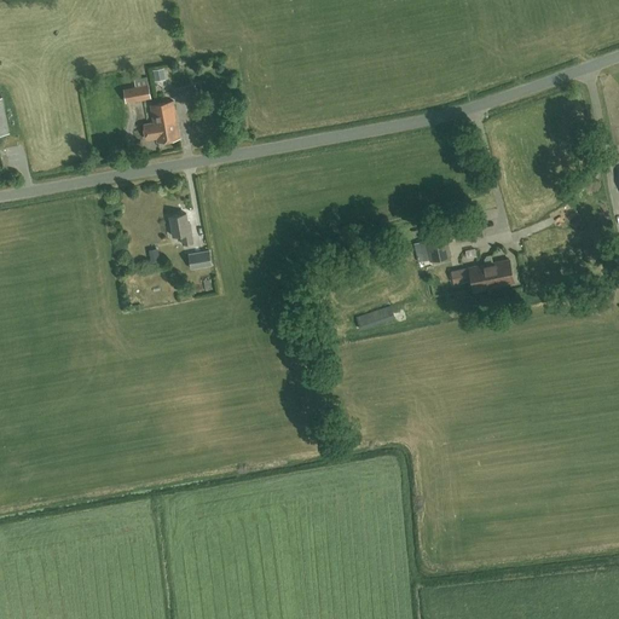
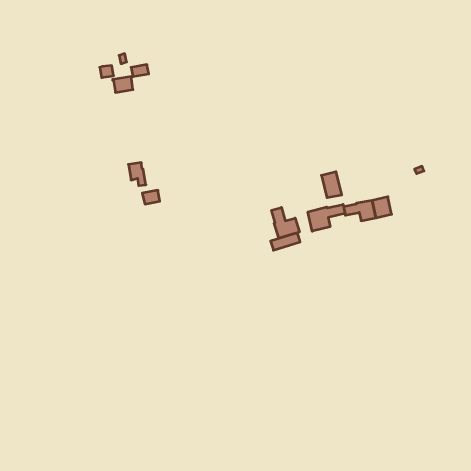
building: [143,118,179,143] -> none
building: none -> [308,204,345,231]
building: none -> [272,207,299,238]

